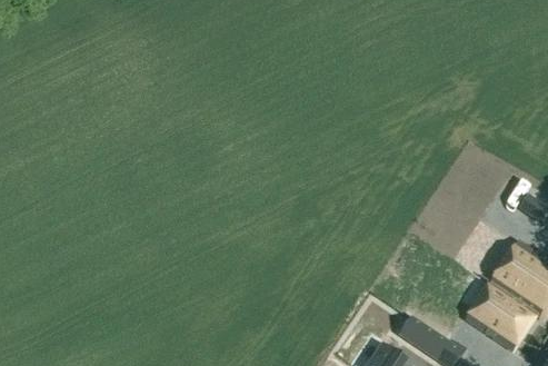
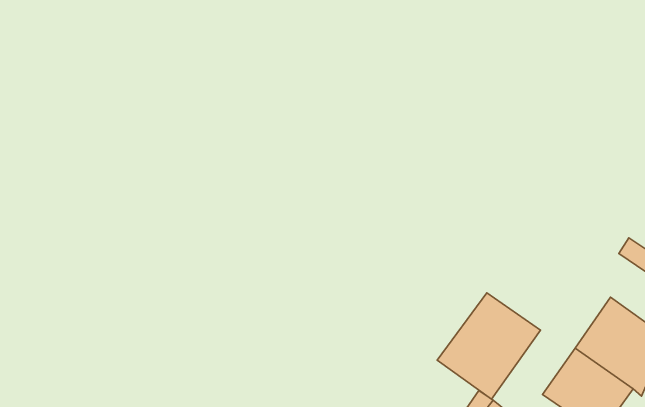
building: none -> [437,293,540,399]

